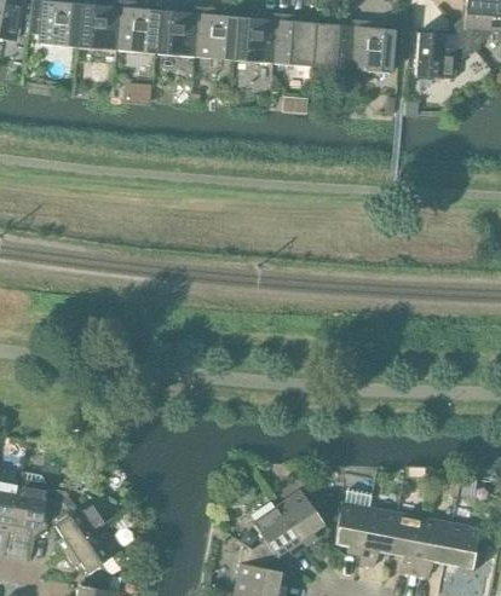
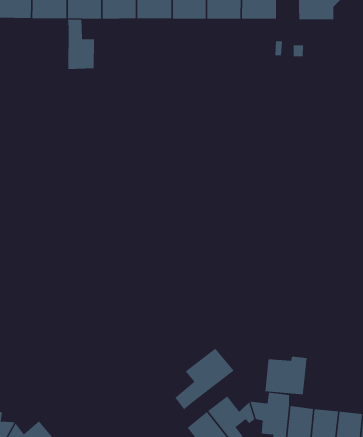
building: none -> [68,19,95,70]
building: none -> [175,348,234,410]
building: none -> [265,356,307,395]

